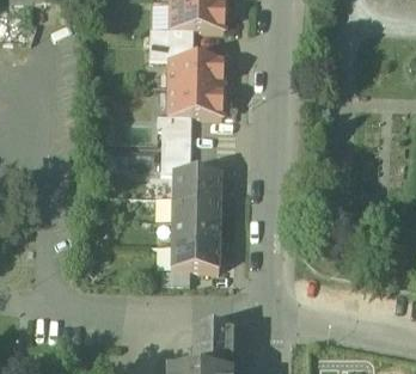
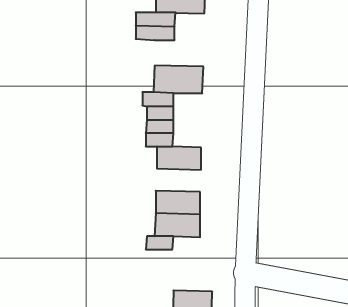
building: [170,57,222,86] -> none
building: [171,196,220,221] -> none

